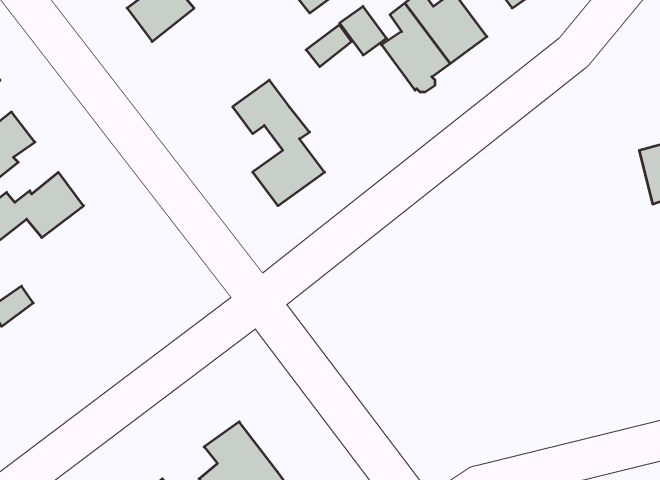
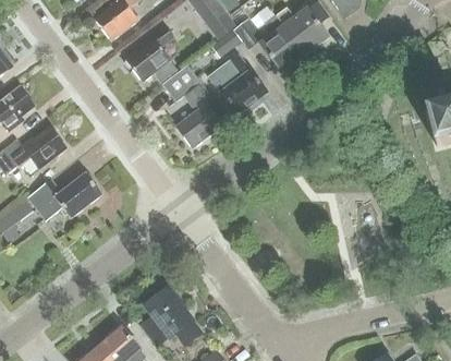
building: none -> [125,26,176,82]
building: none -> [219,53,266,115]
building: none -> [27,172,101,219]

